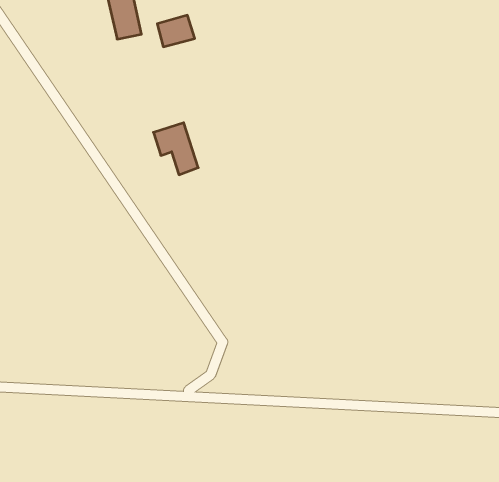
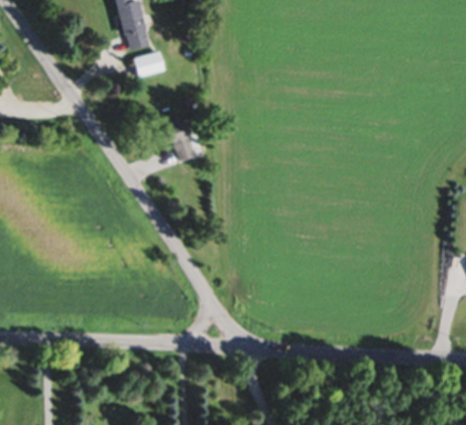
building: [157,15,195,47] -> [134,53,165,80]

